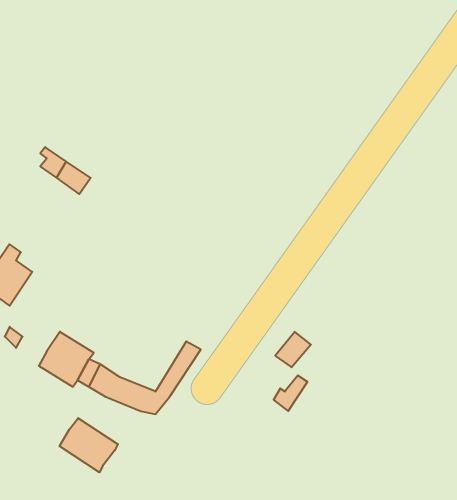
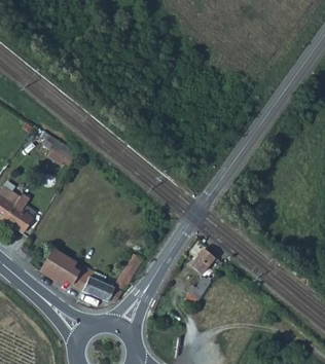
building: [60,418,118,472] -> none

